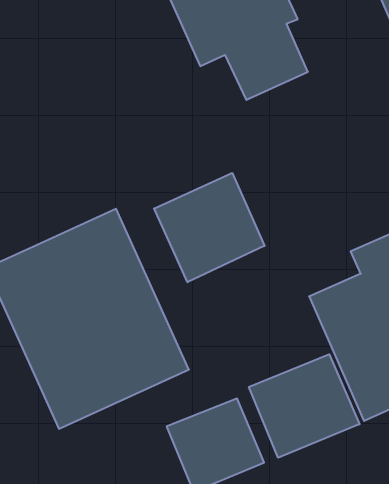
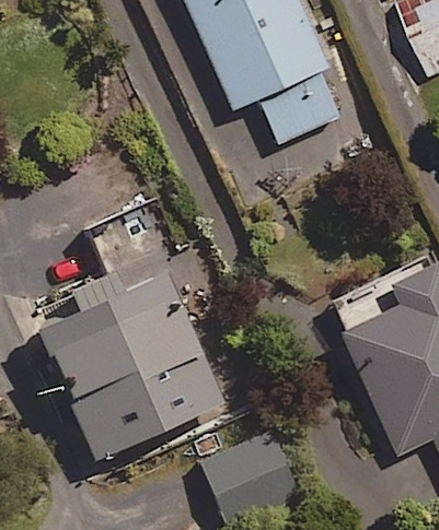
building: [154,173,265,282] -> none
building: [249,354,360,458] -> none

